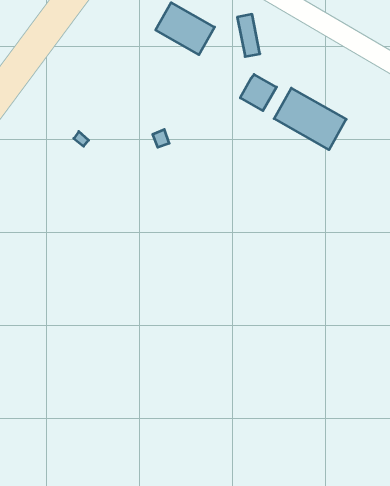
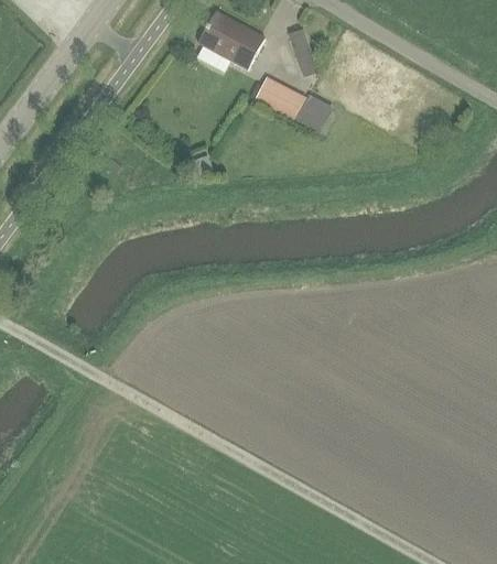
building: none -> [255,74,305,118]
building: [274,88,346,150] -> none

